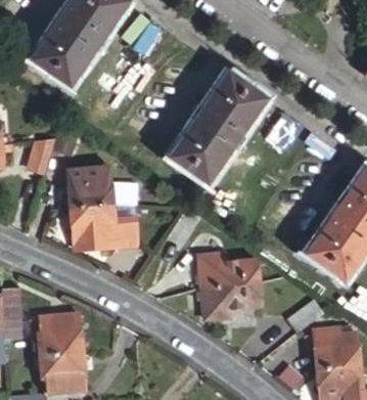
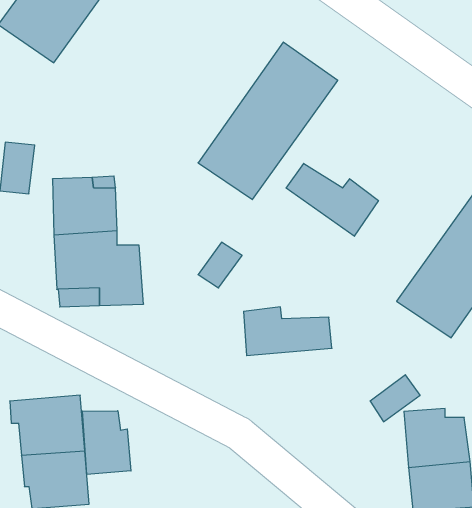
building: none -> [286,163,378,236]
building: [201,282,263,321] -> none
building: none -> [82,411,131,474]

